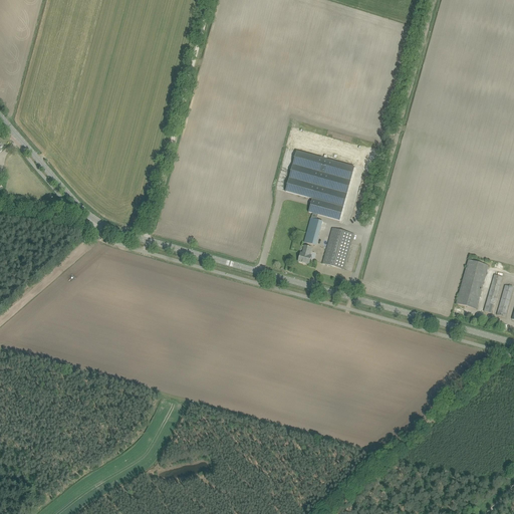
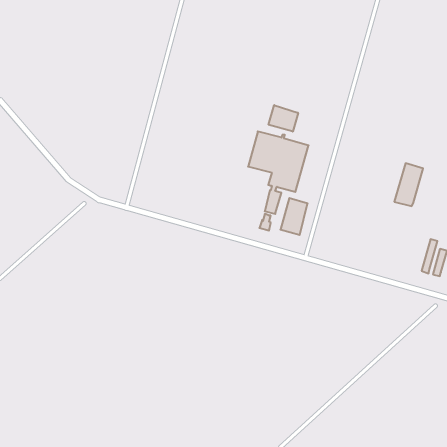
building: none -> [269,105,298,132]
building: [455,259,488,308] -> [394,163,423,206]

